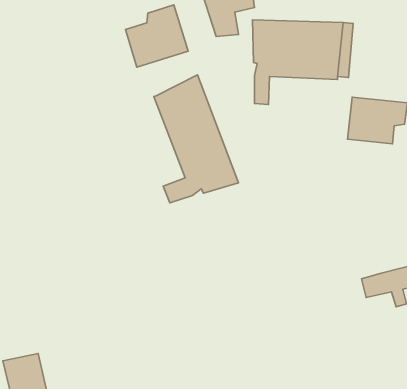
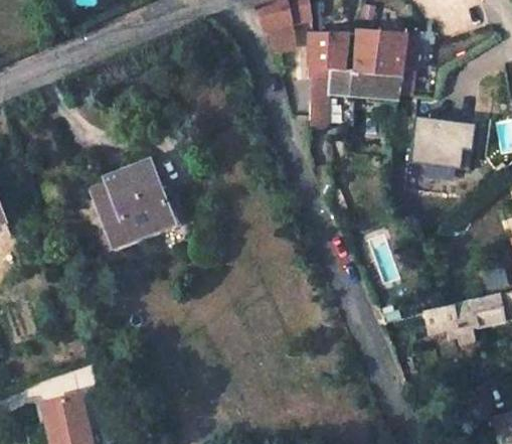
building: [125,5,188,67] -> none
building: [154,75,239,203] -> none
building: none -> [90,161,171,241]

